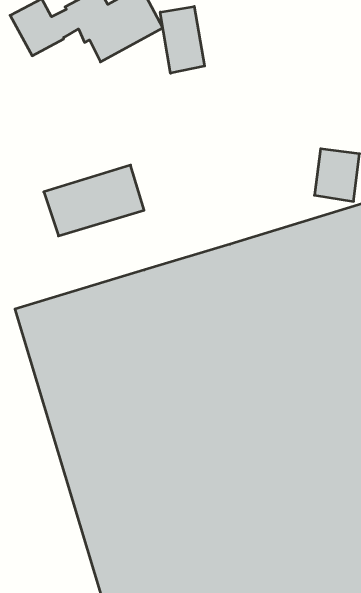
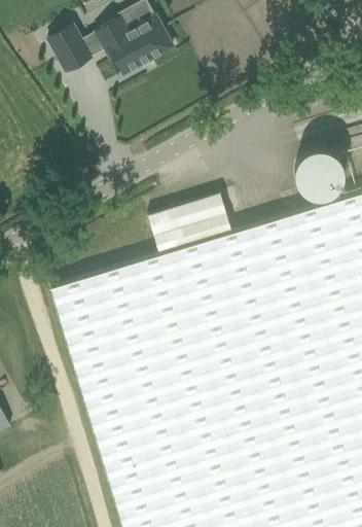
building: [160,6,205,73] -> none
building: [44,165,144,236] -> [146,194,230,253]

